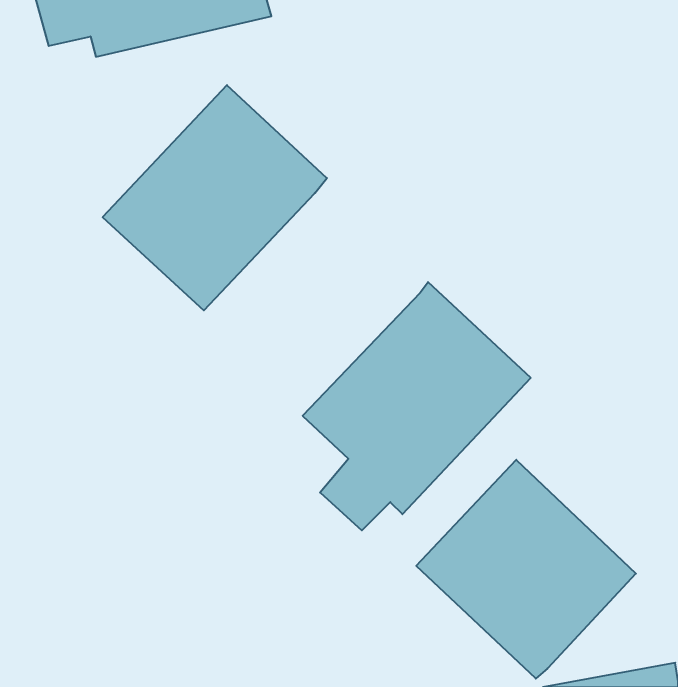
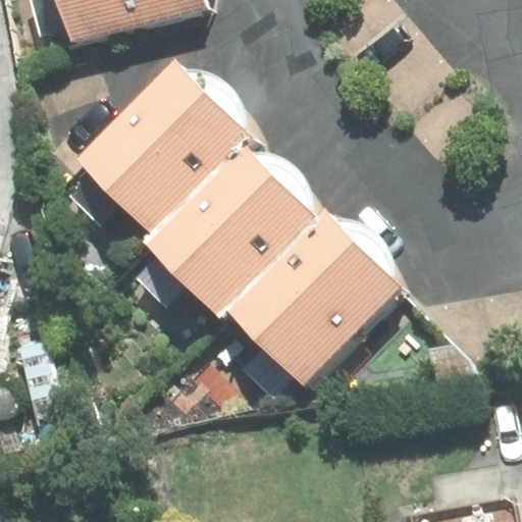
building: none -> [144,146,317,320]
building: [416,460,636,679] -> none

